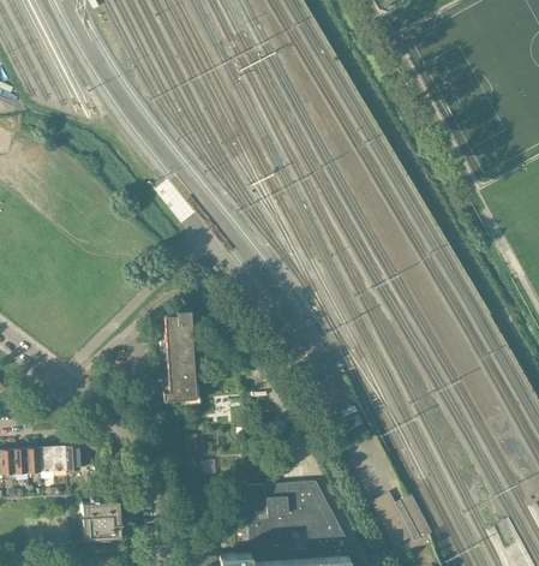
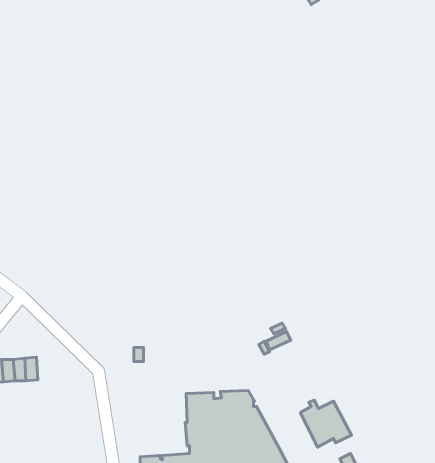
building: [163,310,196,400] -> none
building: [82,500,122,540] -> none

